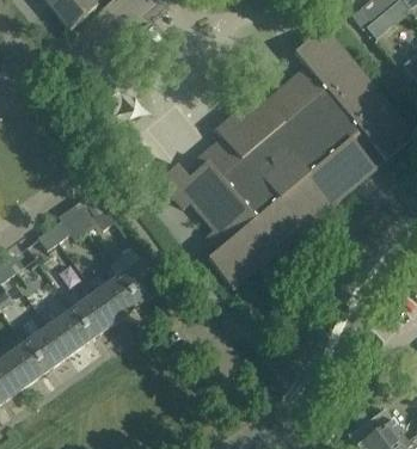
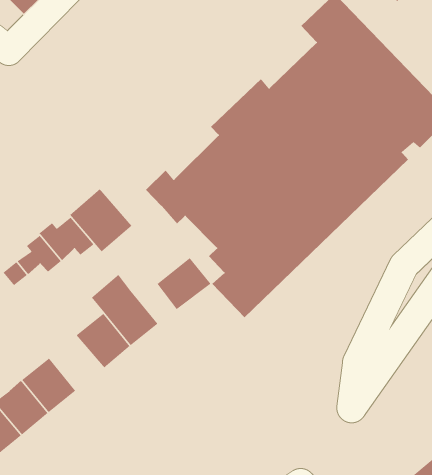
building: none -> [69,188,132,253]
building: none -> [156,257,212,310]
building: [72,293,116,338] -> none

